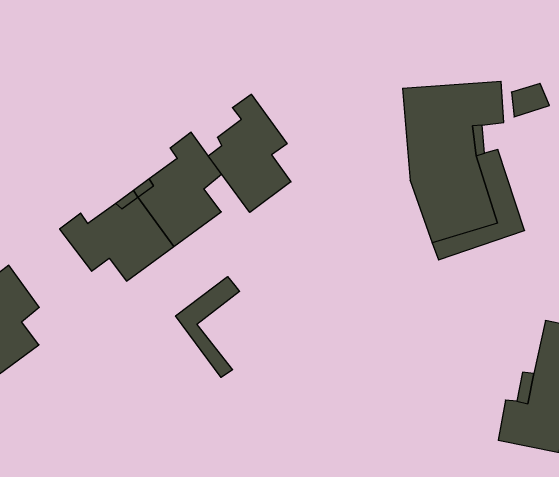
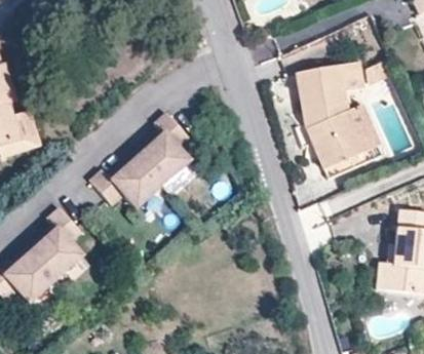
building: [208,94,291,212] -> none
building: [176,277,240,377] -> none

